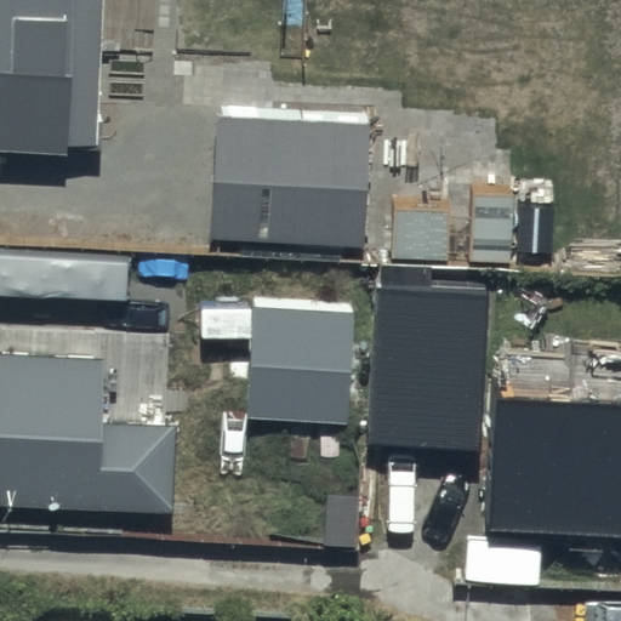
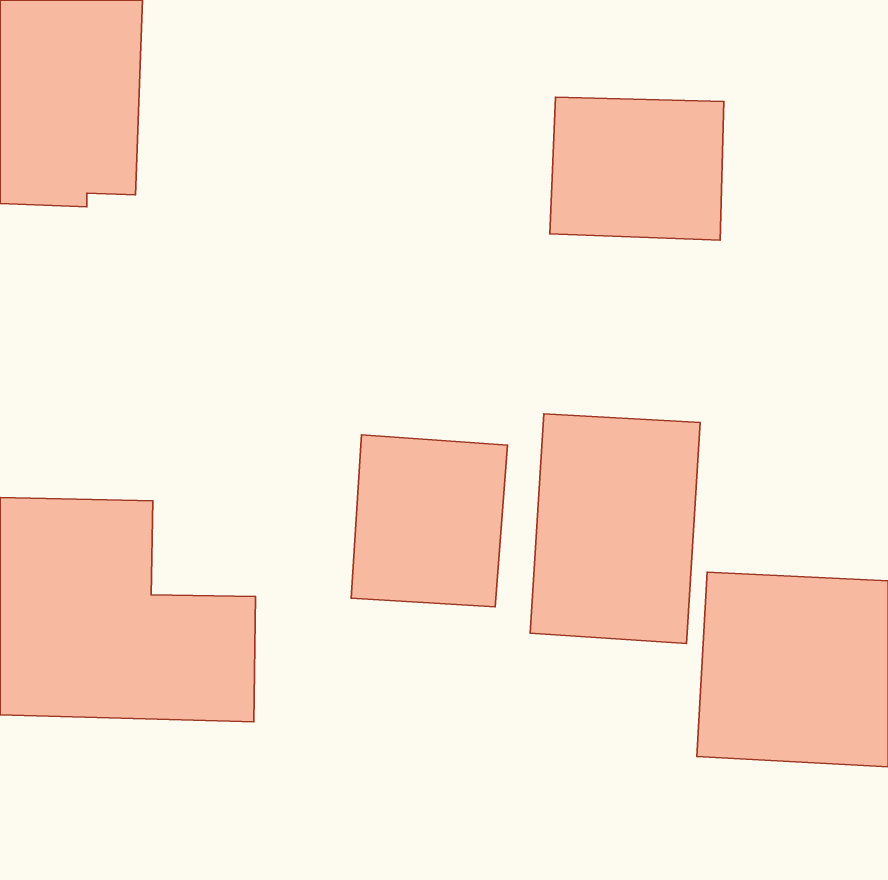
building: none -> [550,97,724,240]
building: [205,114,375,245] -> none

